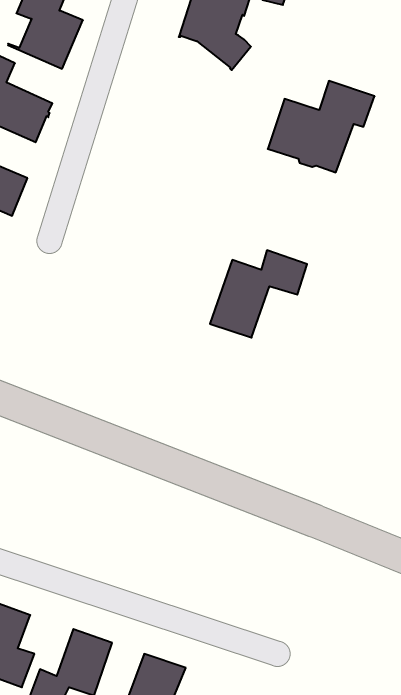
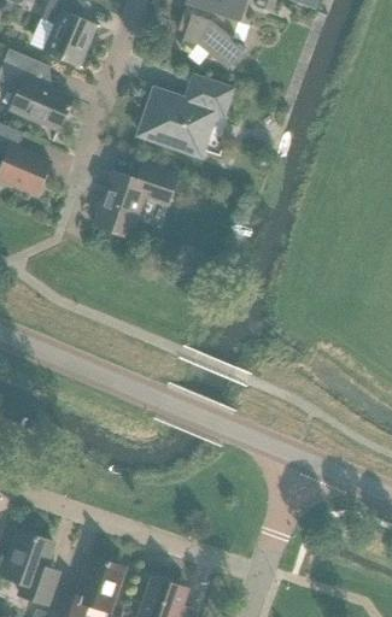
building: [268,81,375,172] -> [141,76,234,155]
building: [210,250,307,338] -> [94,163,179,239]

